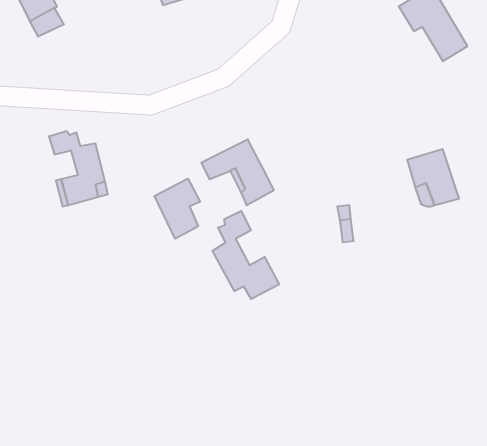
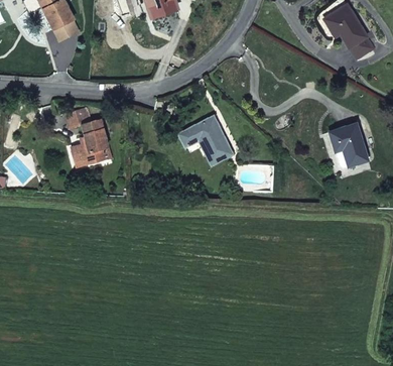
building: [154,179,200,239] -> none
building: [212,211,279,299] -> none

